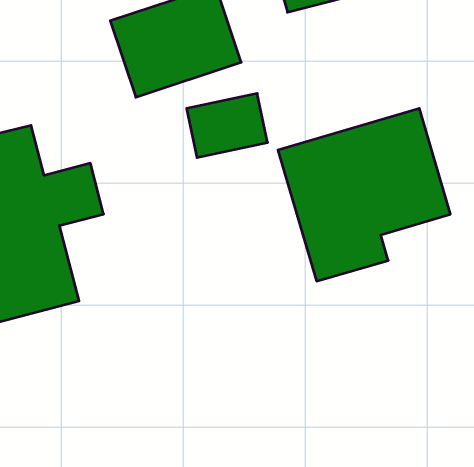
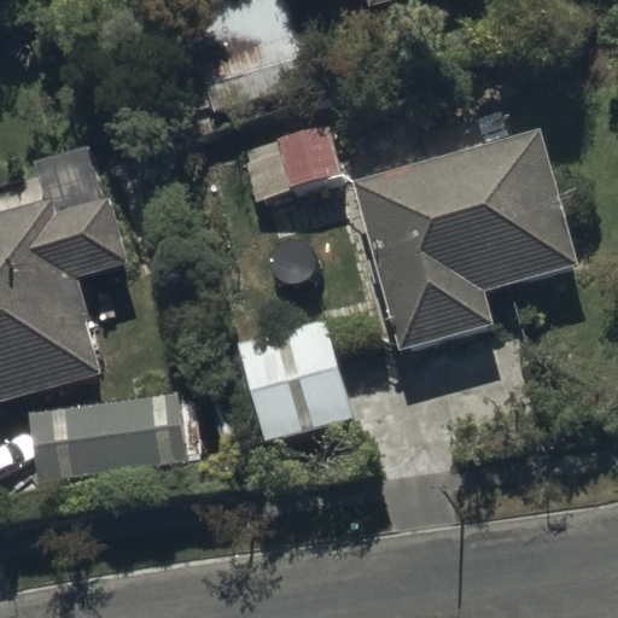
building: none -> [238,326,352,450]
building: none -> [29,398,186,488]

